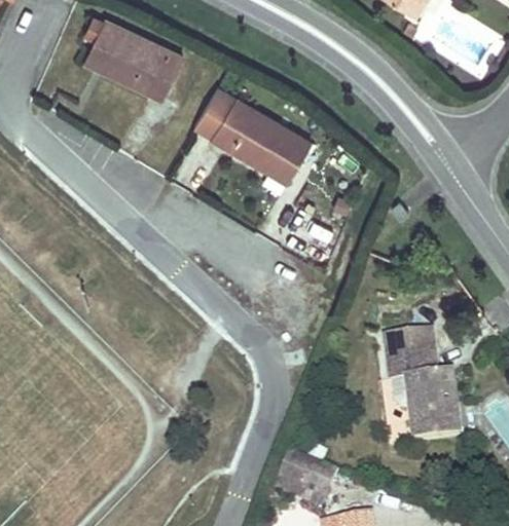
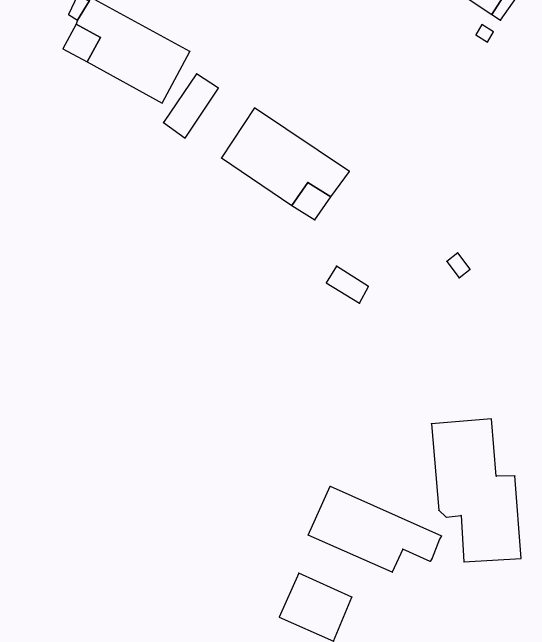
building: [193,88,234,139] -> [163,74,218,138]
building: none -> [308,486,442,572]

